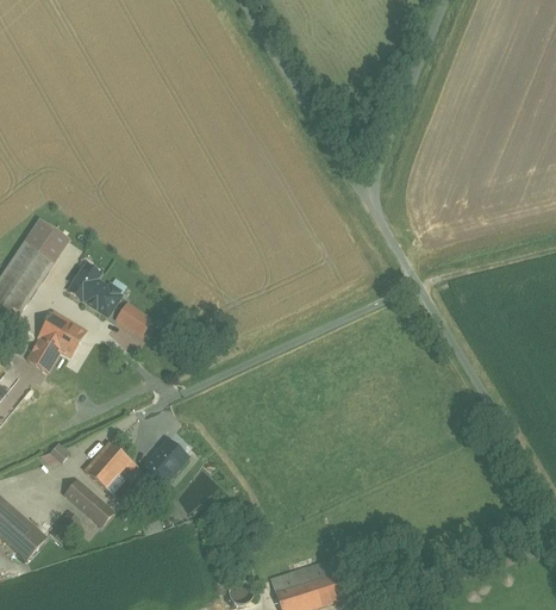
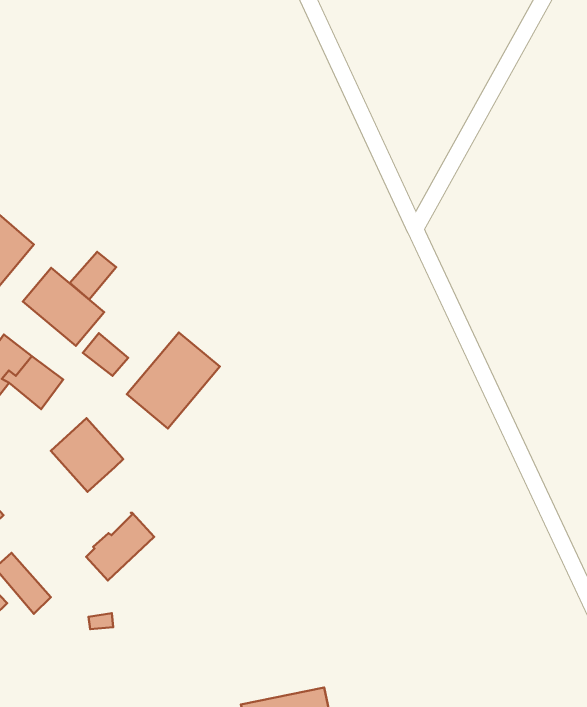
building: none -> [70,252,116,300]
building: none -> [127,332,220,428]
building: [83,442,140,499] -> [51,418,123,492]

